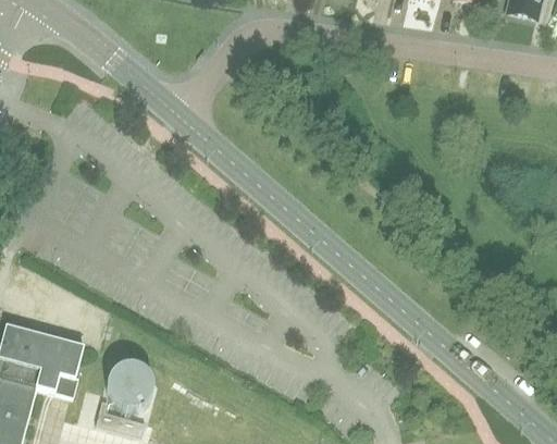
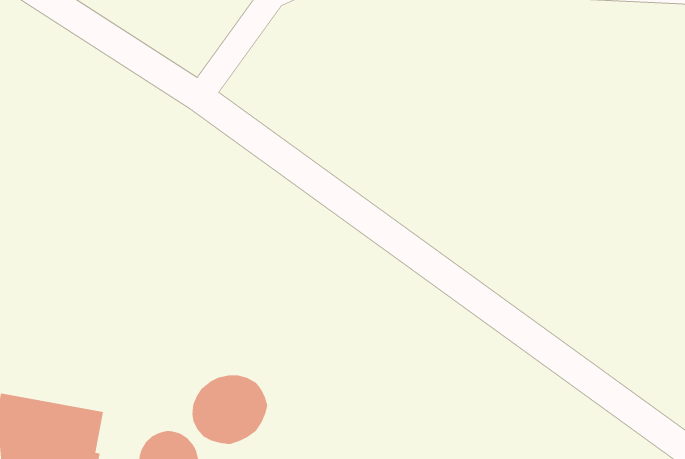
building: none -> [192,375,268,445]

